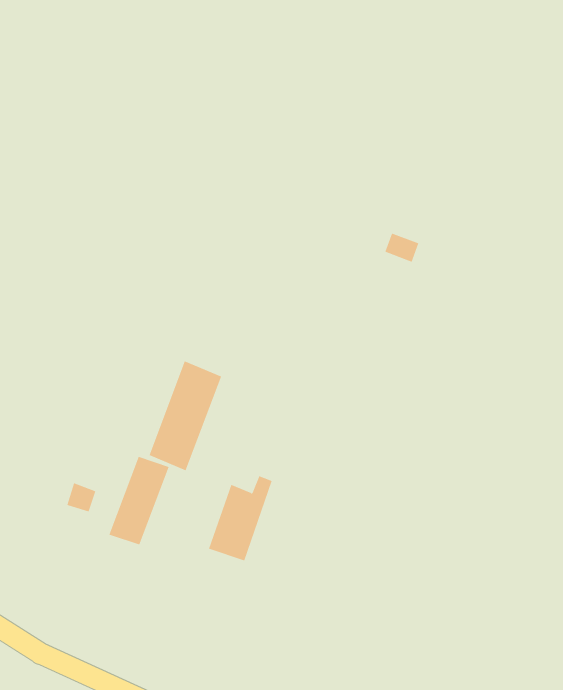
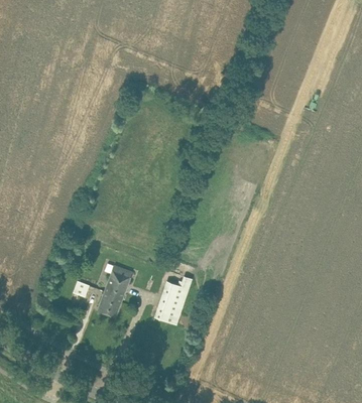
building: [149,360,222,471] -> none

